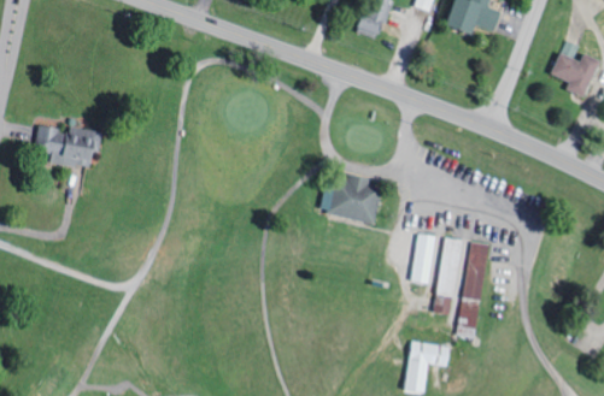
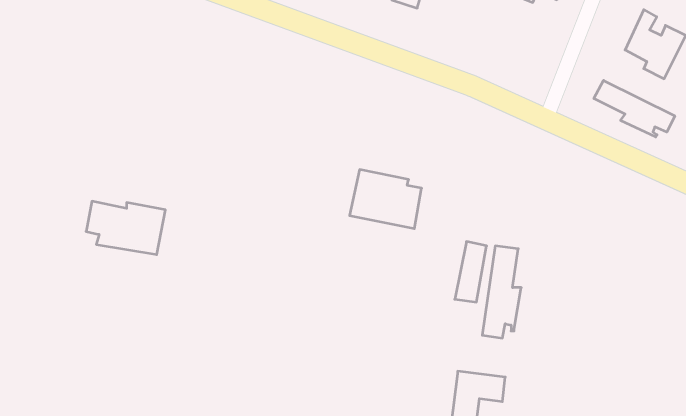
building: none -> [594,80,675,137]
building: [34,124,100,169] -> [86,201,165,255]
building: [453,241,488,338] -> none

